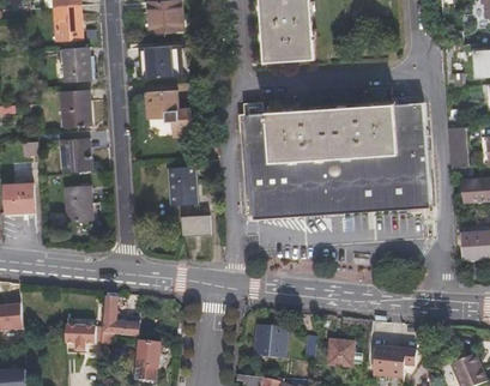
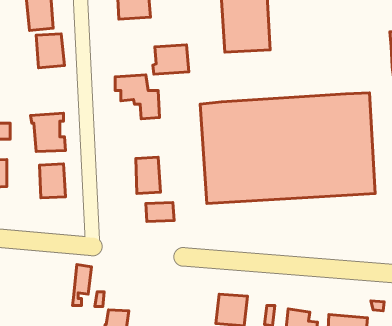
building: [144,44,182,76] -> [153,45,189,74]
building: [61,91,92,127] -> none
building: [65,326,103,351] -> none

